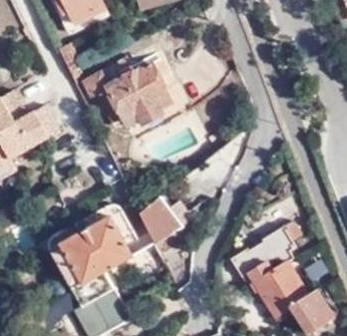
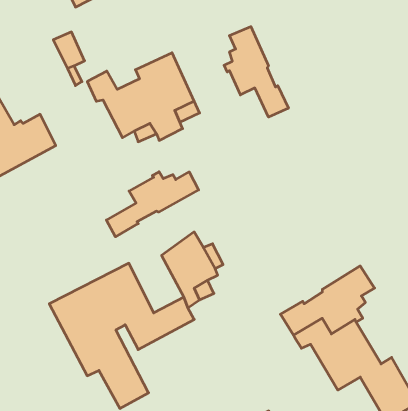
building: none -> [224,27,288,117]
building: none -> [106,172,199,237]

